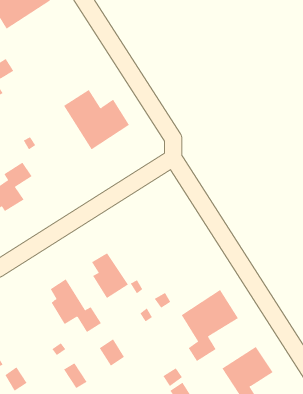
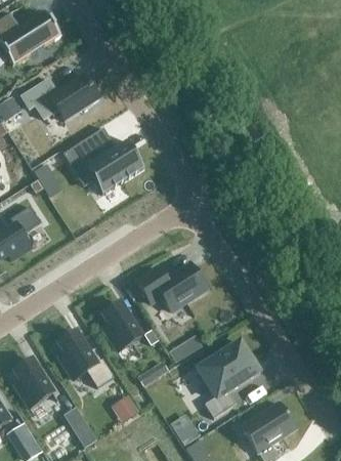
building: none -> [20,73,100,121]
building: none -> [137,264,206,310]
building: none -> [14,359,53,407]

